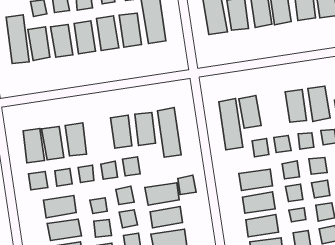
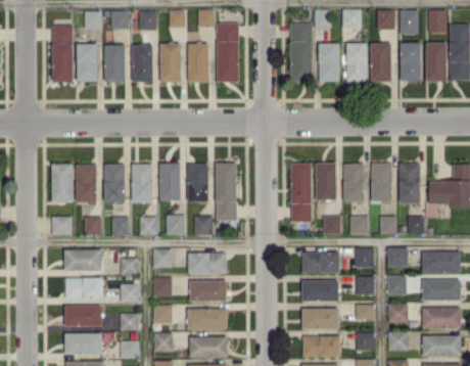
building: none -> [342,164,364,201]
building: none -> [131,164,152,202]
building: [178,175,196,194] -> [193,215,213,235]

